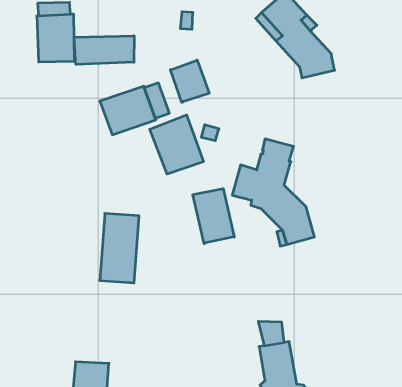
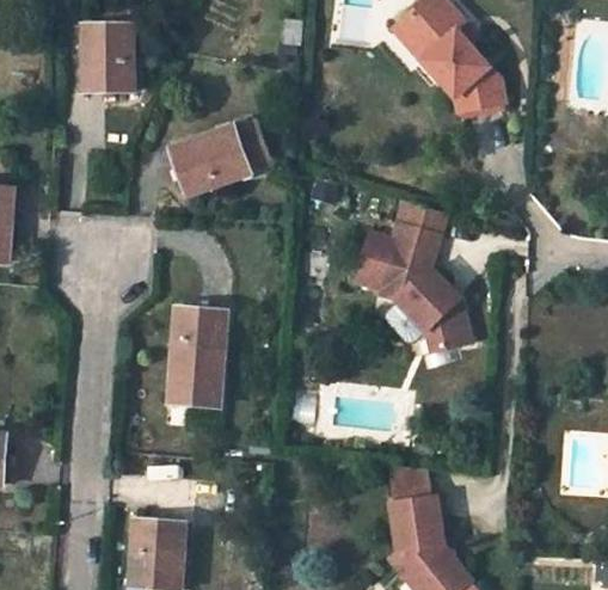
building: [74,36,134,64] -> none
building: [170,60,209,102] -> none
building: [150,115,203,174] -> none
building: [193,189,234,244] -> none

